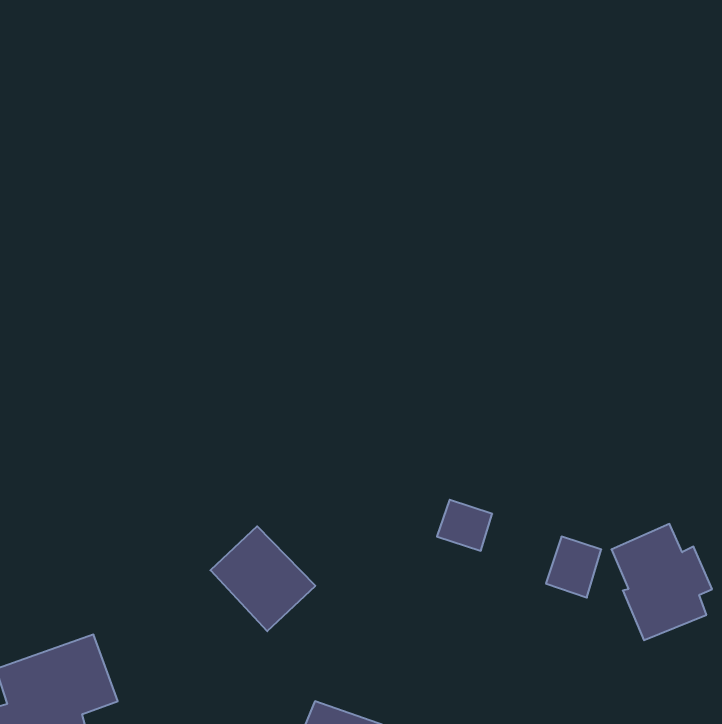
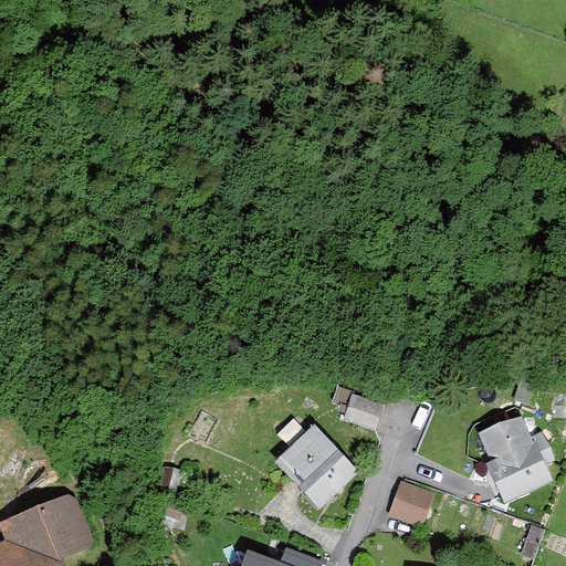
building: [210,526,315,631] -> [275,423,357,505]
building: [546,537,601,598] -> [387,481,430,528]

